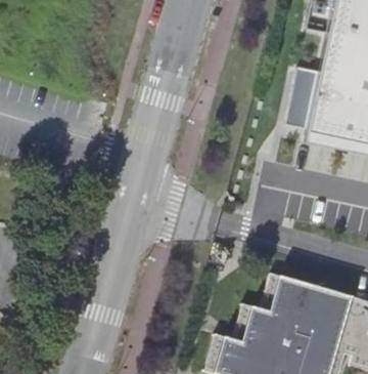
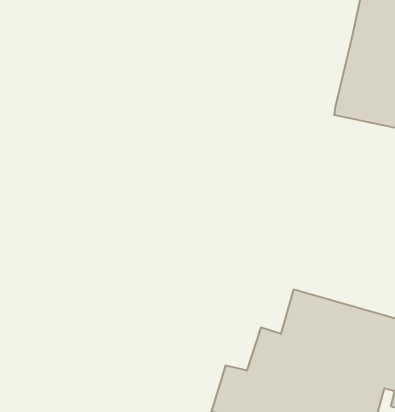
building: [286,65,321,126] -> none

